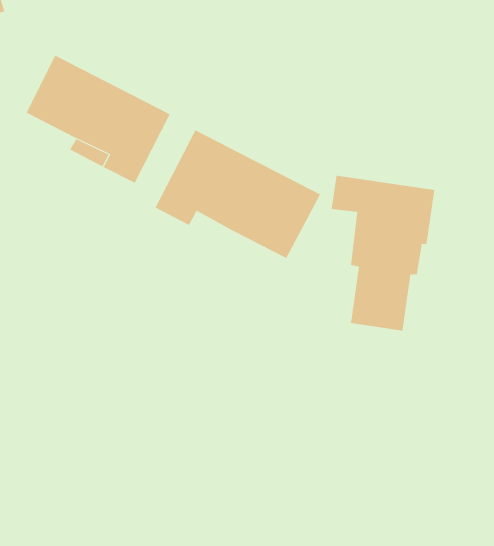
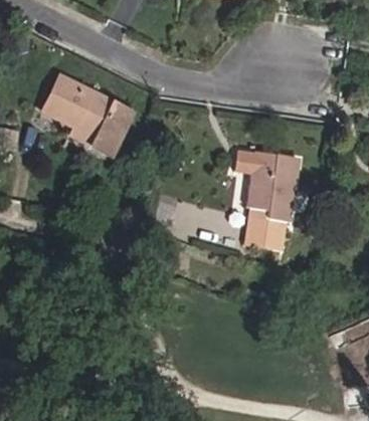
building: [155,130,321,259] -> none

